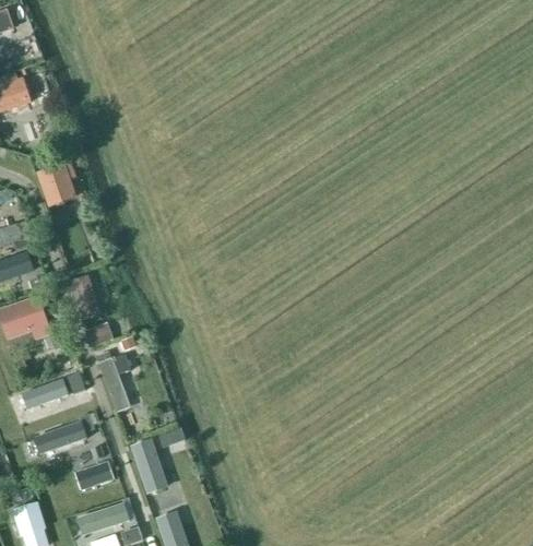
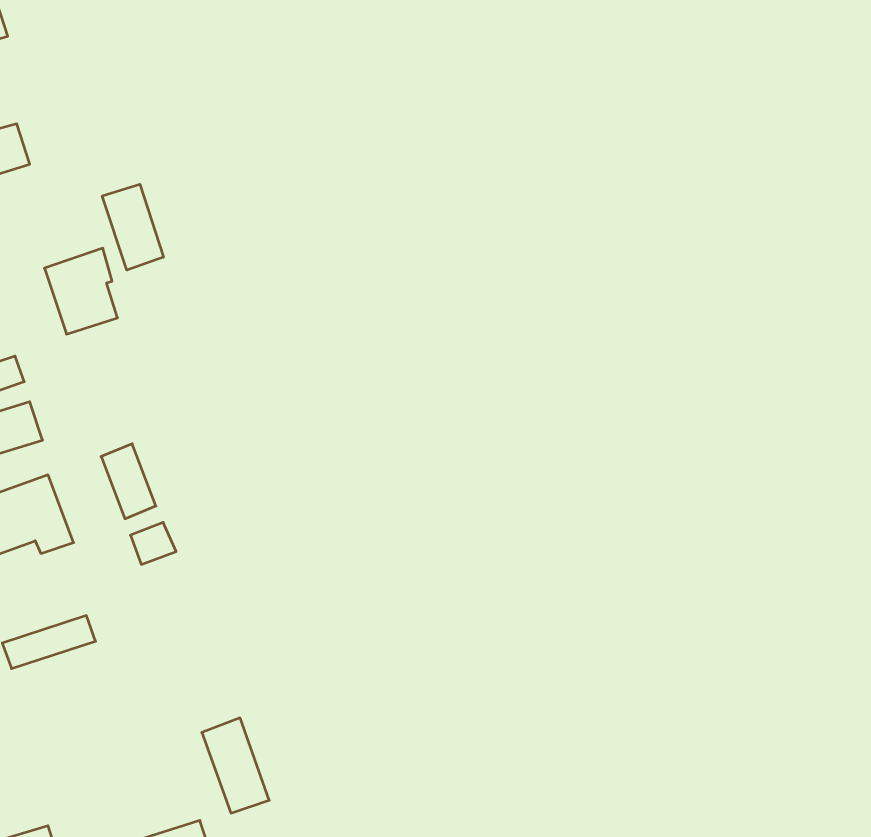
building: none -> [102,184,163,270]
building: [95,349,143,411] -> none
building: [33,423,87,452] -> none
building: [74,460,115,490] -> none

